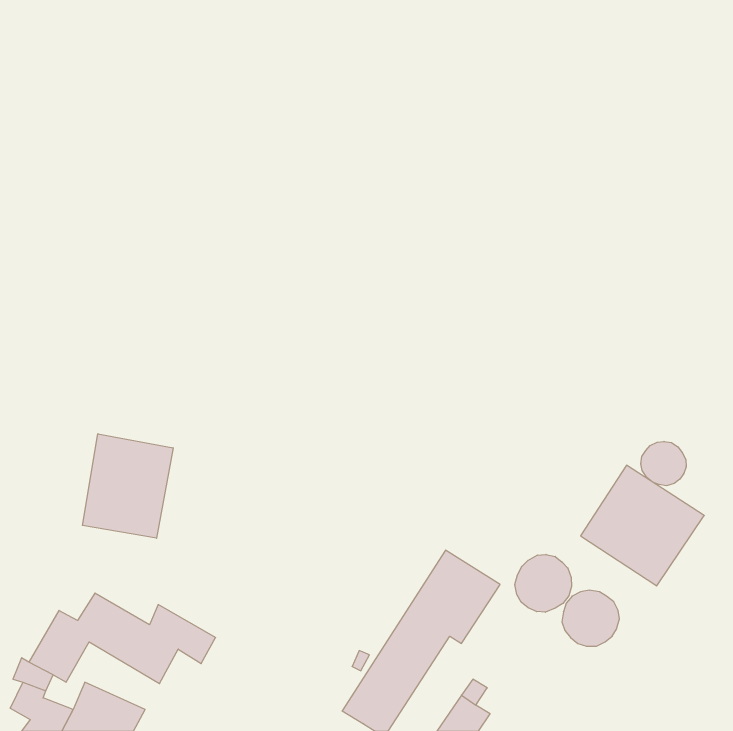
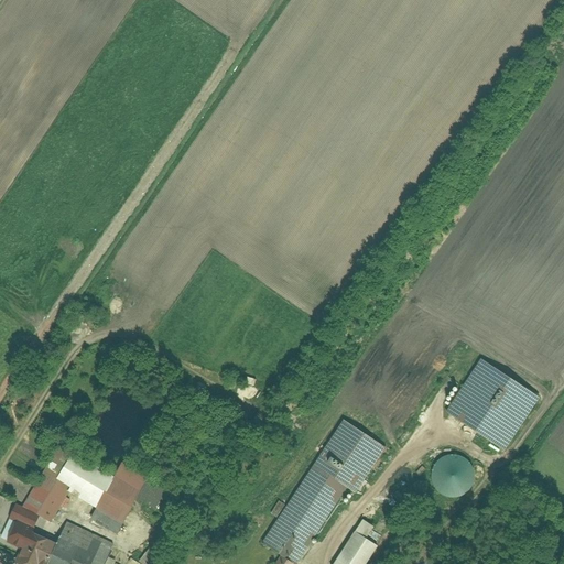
building: [82,434,173,538] -> none
building: [641,441,686,486] -> none
building: [515,554,572,612] -> none

